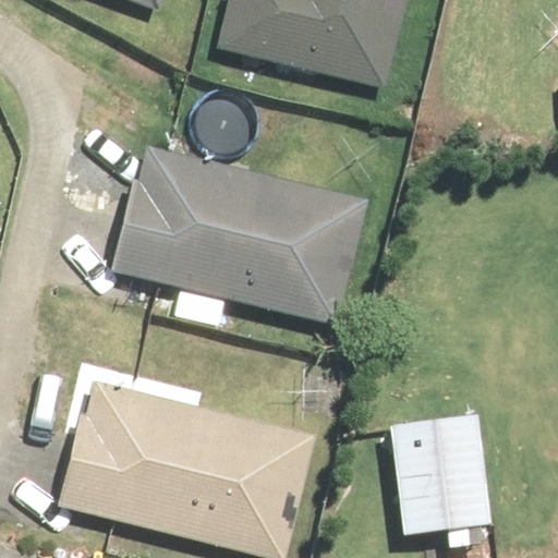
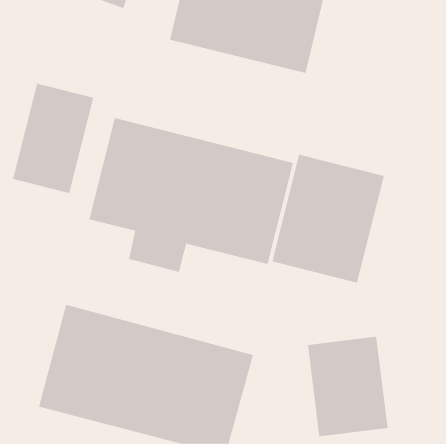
building: none -> [13,83,94,194]
building: none -> [272,154,384,283]

